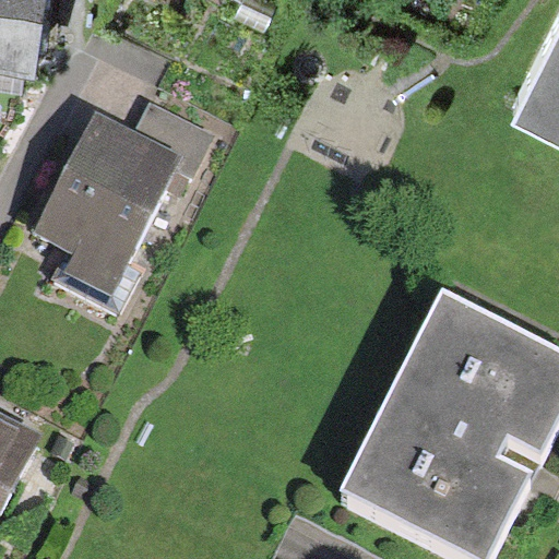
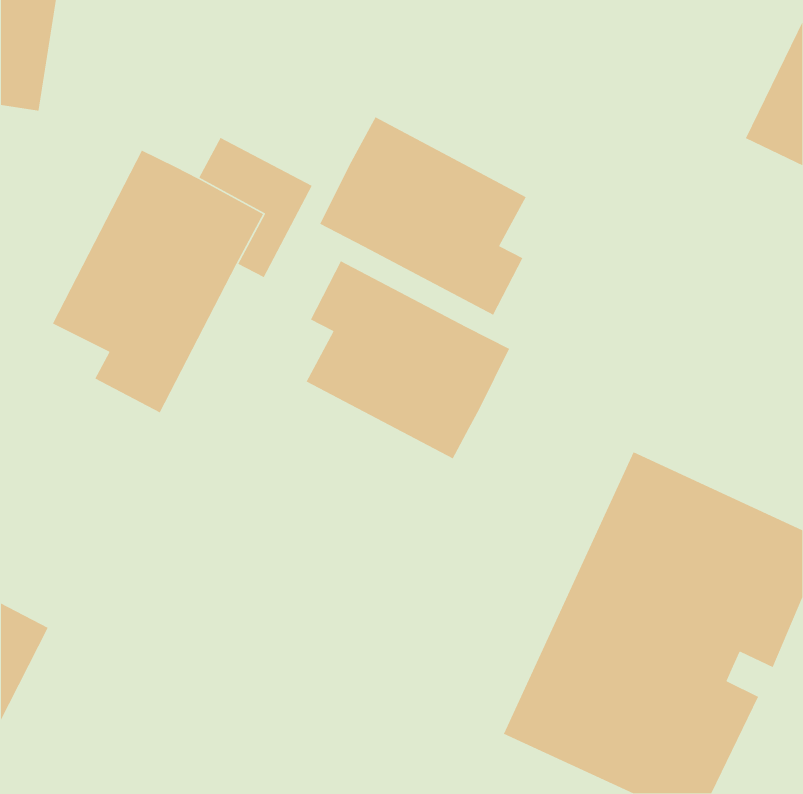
building: none -> [319,116,527,316]
building: none -> [306,260,510,459]

